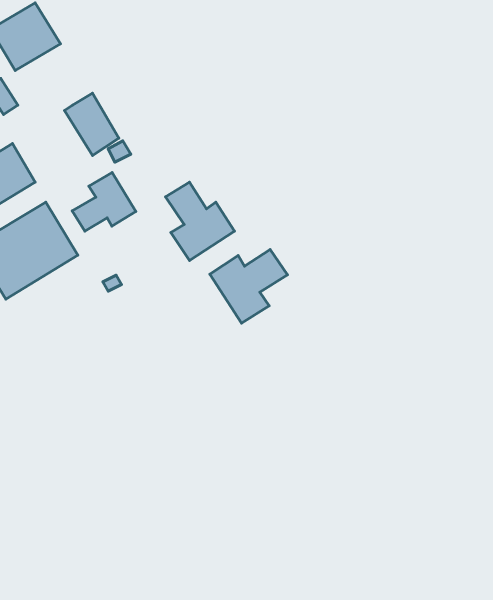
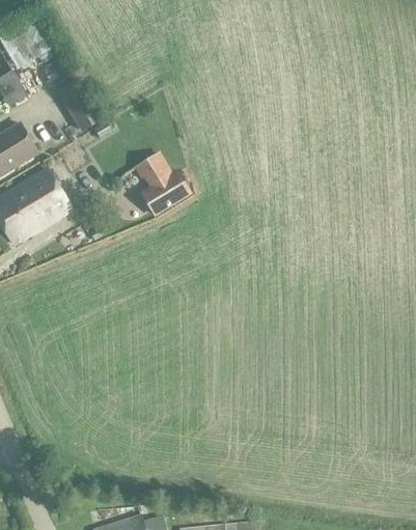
building: [72,173,136,231] -> none
building: [210,250,287,323] -> none

